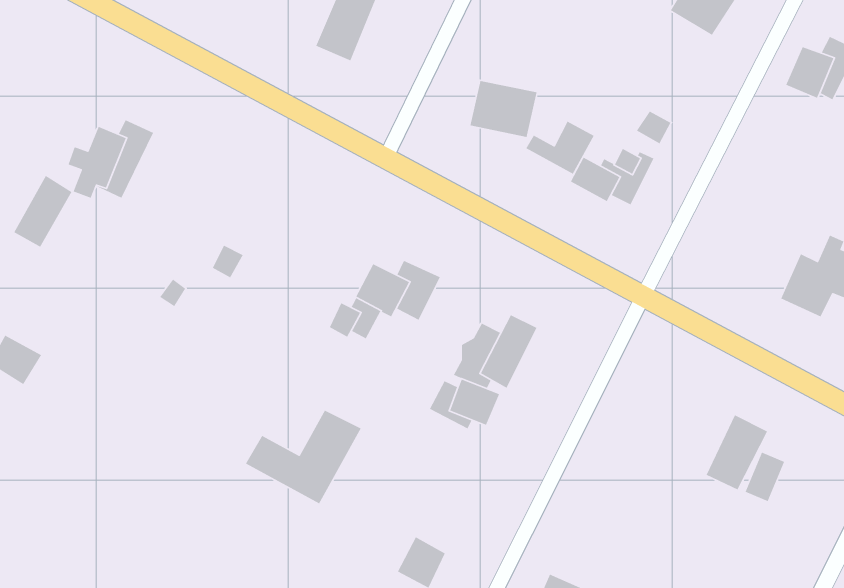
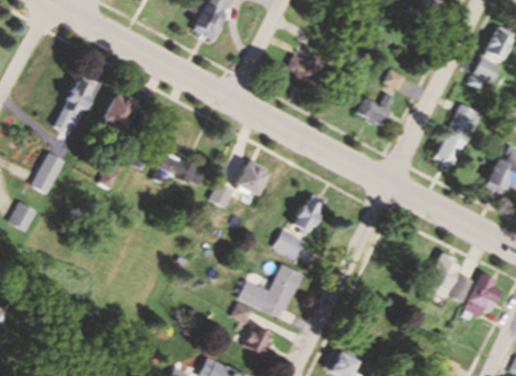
building: none -> [477,59,503,83]
building: [525,120,595,175] -> none
building: none -> [105,93,139,130]
building: none -> [436,104,481,168]
building: [13,175,73,248] -> [26,154,61,198]
building: none -> [153,151,197,183]
building: [245,410,362,504] -> [223,265,292,322]
building: none -> [466,272,502,320]

